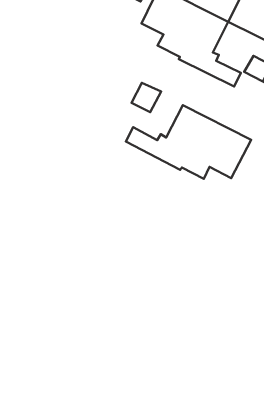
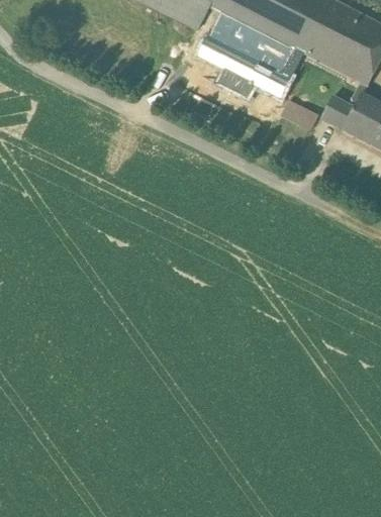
building: [132,83,161,112] -> none
building: [126,105,251,179] -> none

